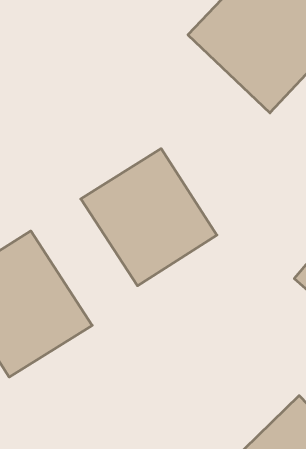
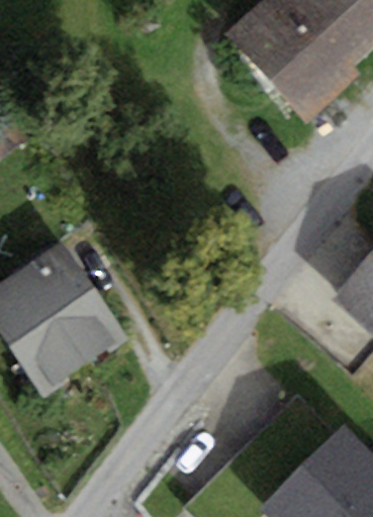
building: [81,149,217,286] -> none

